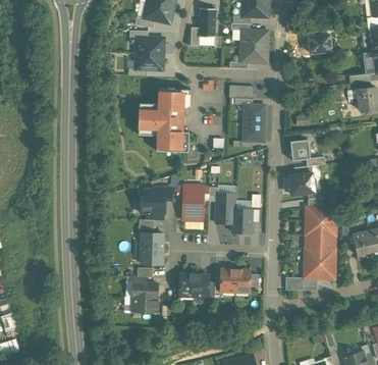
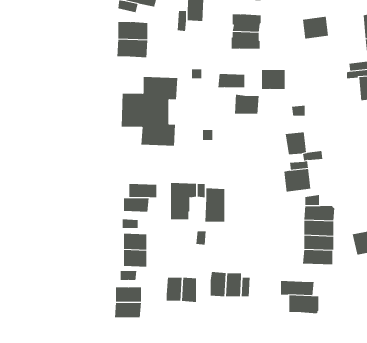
building: [242,123,265,142] -> [261,70,285,89]
building: [234,207,253,233] -> none
building: [306,262,334,279] -> [288,295,319,314]

